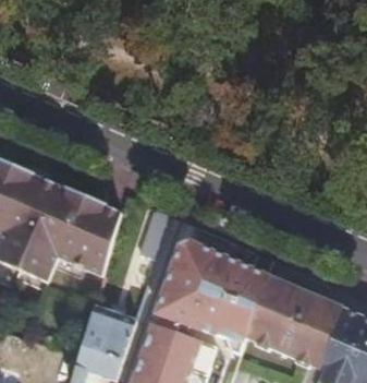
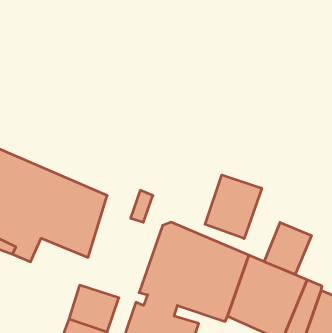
building: none -> [205,175,262,239]
building: none -> [264,222,312,274]

